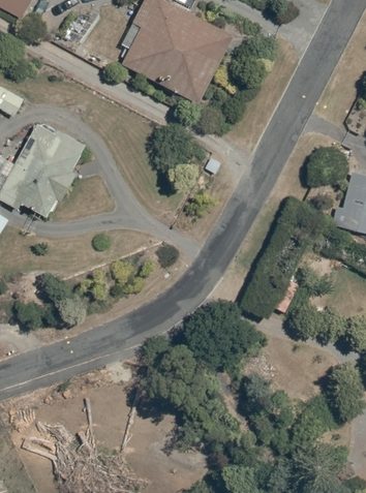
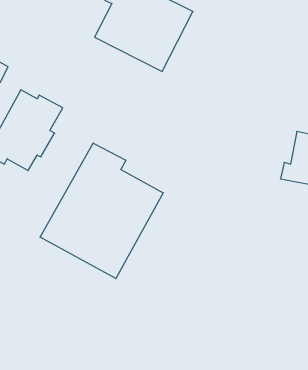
building: none -> [40,143,163,279]

